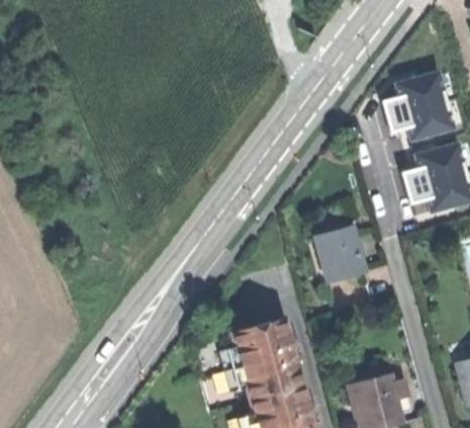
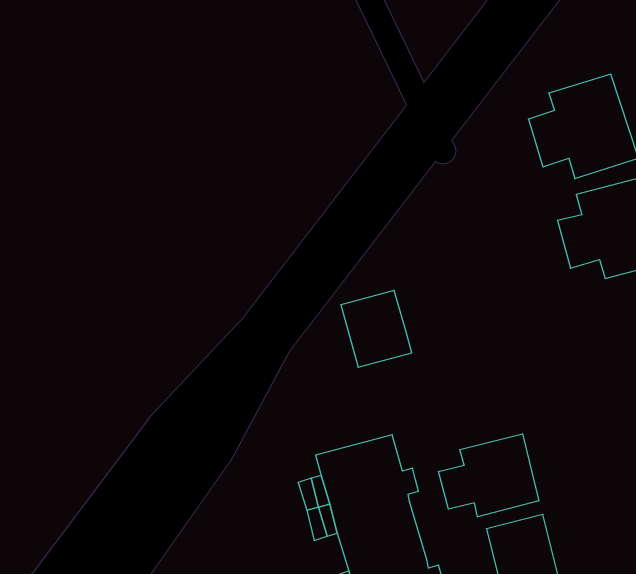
building: [316,230,366,283] -> [341,290,412,367]
building: none -> [438,434,539,517]

